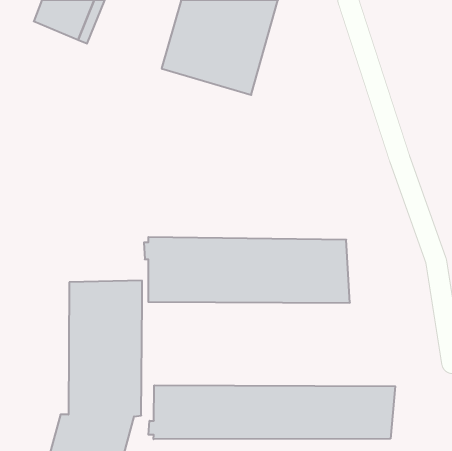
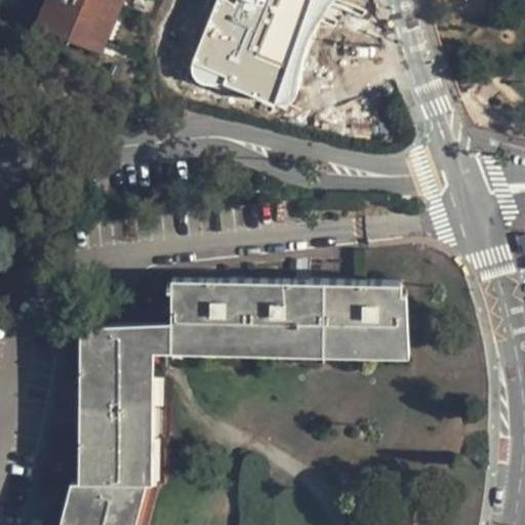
building: [148,385,395,439] -> none

